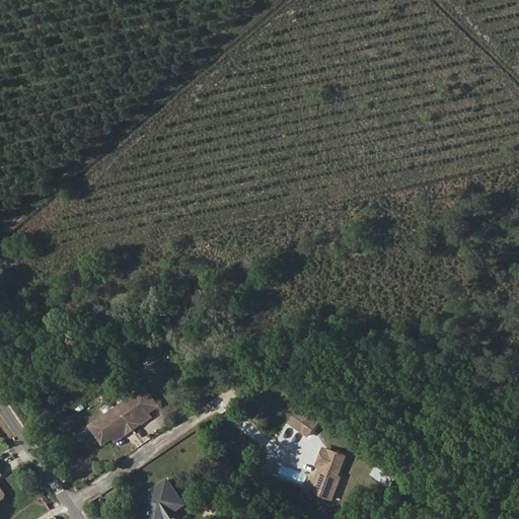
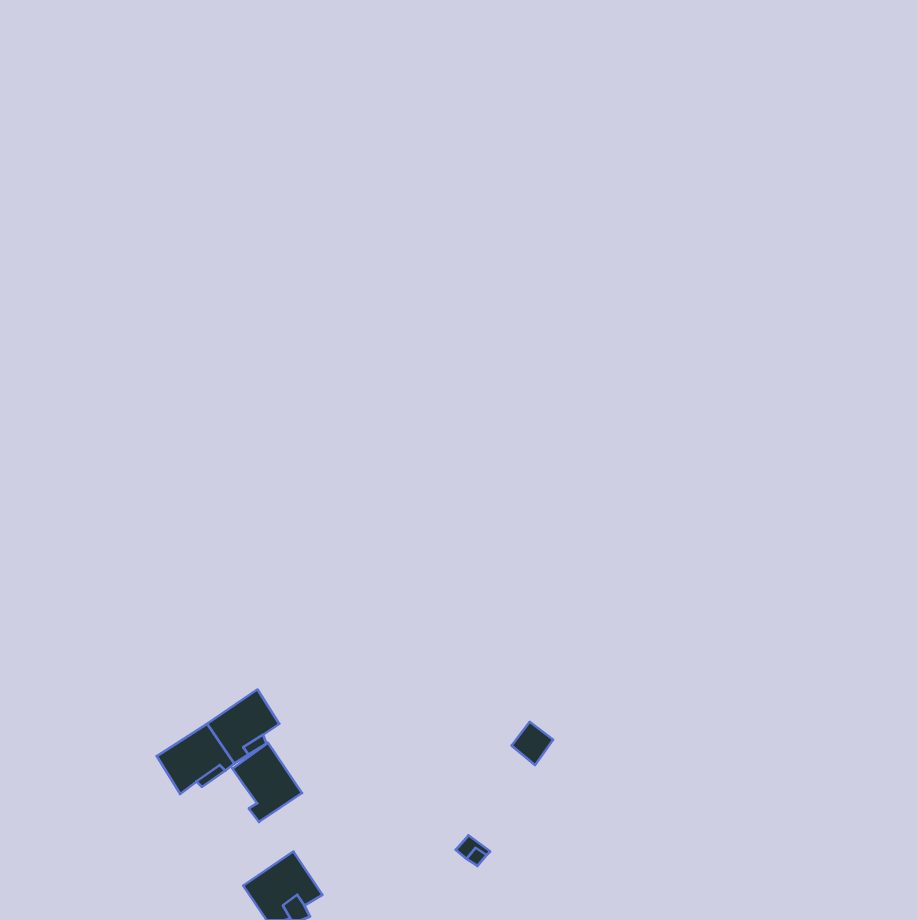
building: none -> [232,743,302,822]
building: [310,448,345,501] -> none

